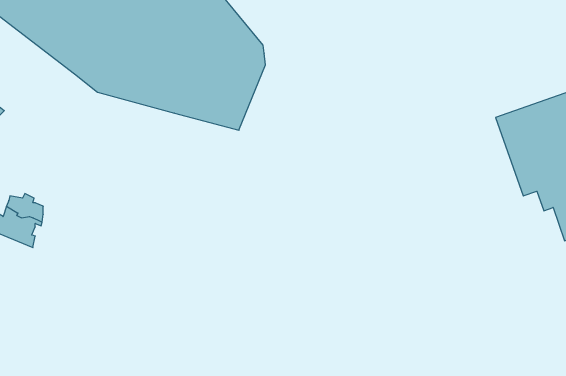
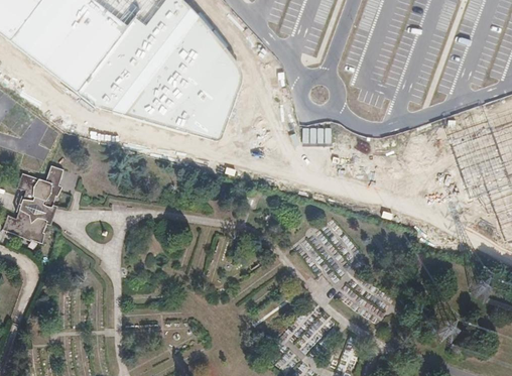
building: none -> [16,163,61,208]

